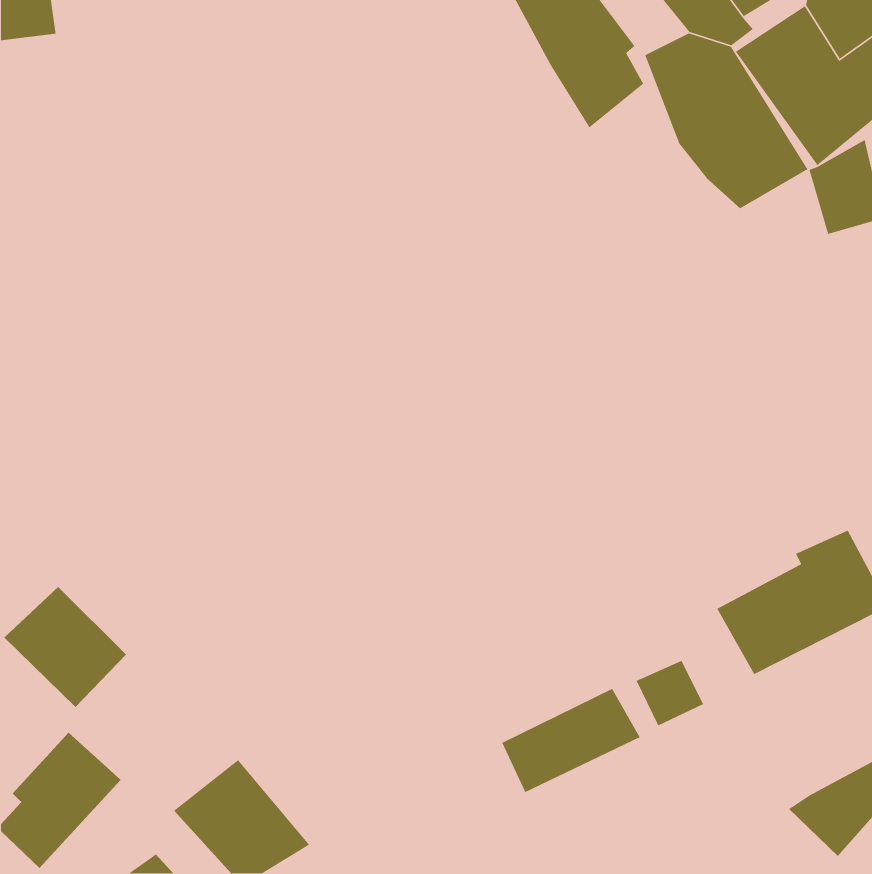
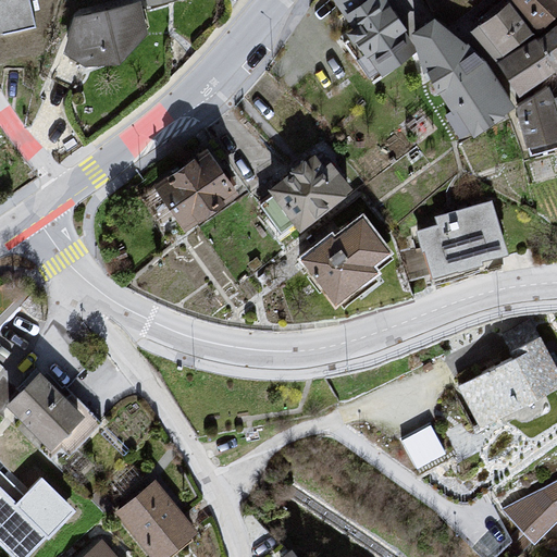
building: none -> [63,5,145,70]
building: none -> [151,152,239,232]
building: none -> [264,152,355,236]
building: none -> [416,199,509,275]
building: none -> [297,215,391,308]
building: [501,688,641,793] -> none

